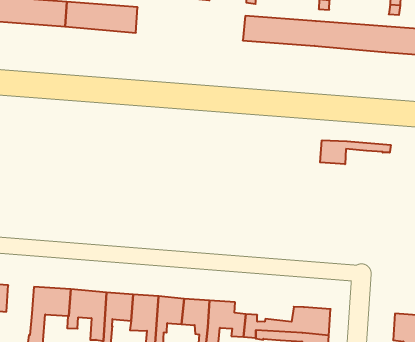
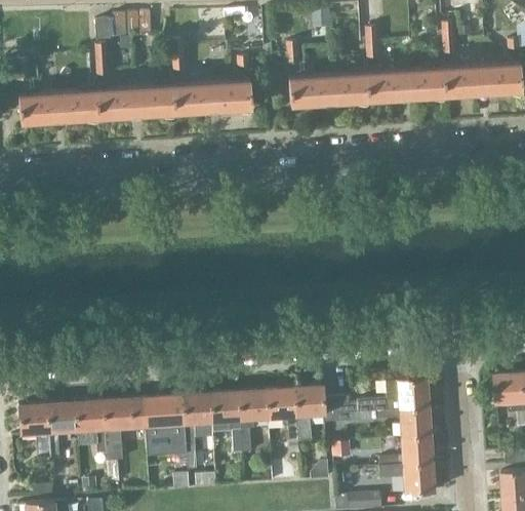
building: none -> [173,81,252,114]
building: [320,140,391,164] -> none
building: none -> [77,402,108,456]

